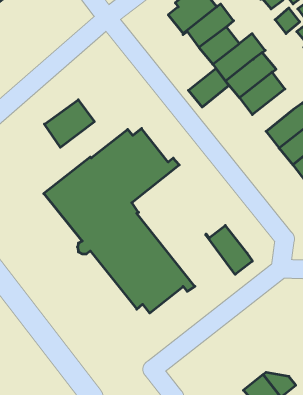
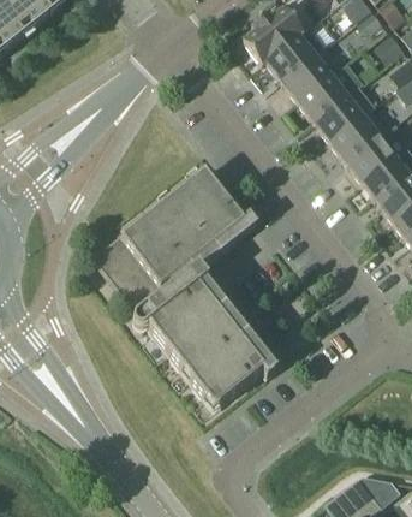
building: [188,69,229,107] -> [345,135,394,182]
building: [44,100,94,147] -> none
building: [206,225,252,274] -> none

